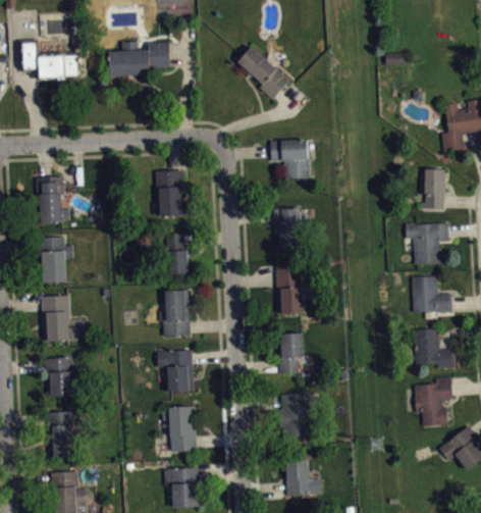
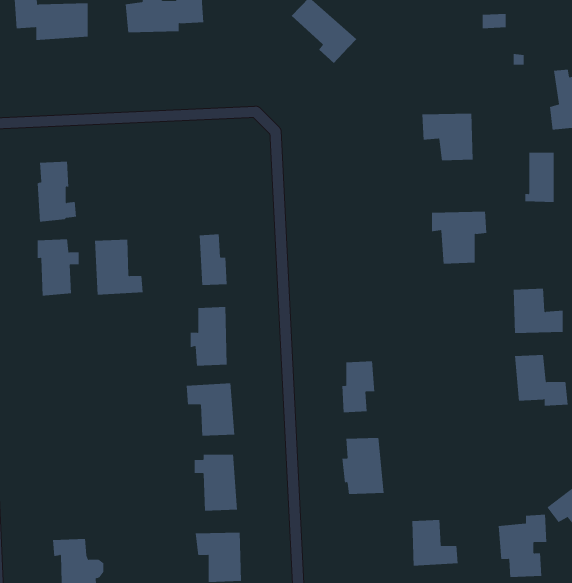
building: [270,141,311,178] -> [422,113,473,161]
building: [152,169,185,217] -> none
building: [274,208,302,249] -> none
building: [406,223,449,265] -> [431,211,487,264]
building: [276,266,303,314] -> none
building: [41,298,79,342] -> [94,239,144,295]
building: [45,358,74,398] -> none
building: [414,377,452,427] -> [498,514,547,578]
building: [46,410,76,457] -> none
building: [285,459,322,496] -> [412,520,458,566]

